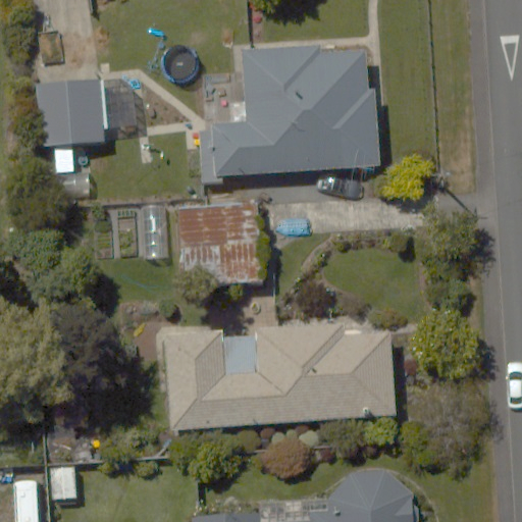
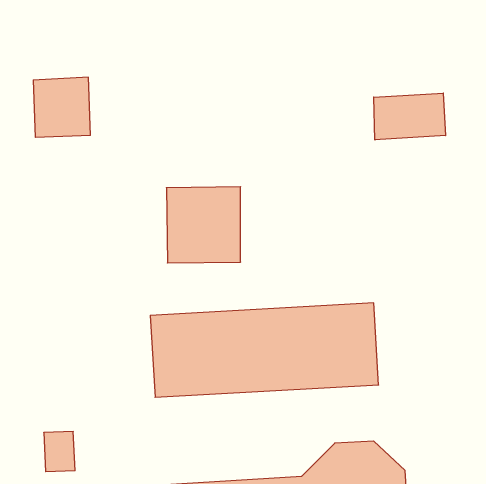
building: [203,49,379,170] -> none
building: none -> [374,93,446,140]

